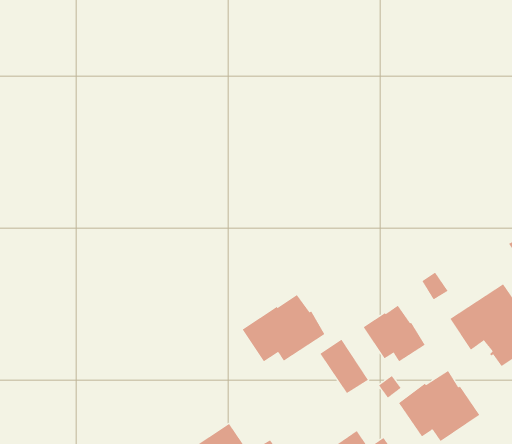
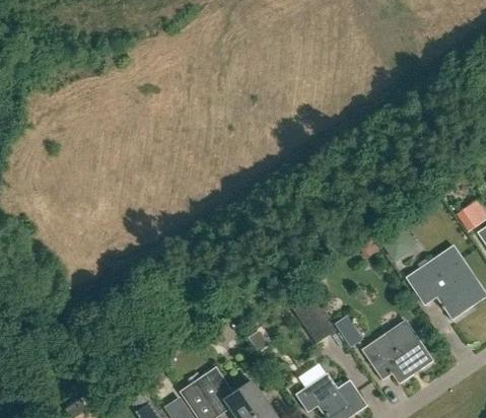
building: [242,294,325,362] -> none
building: [363,305,425,362] -> none

